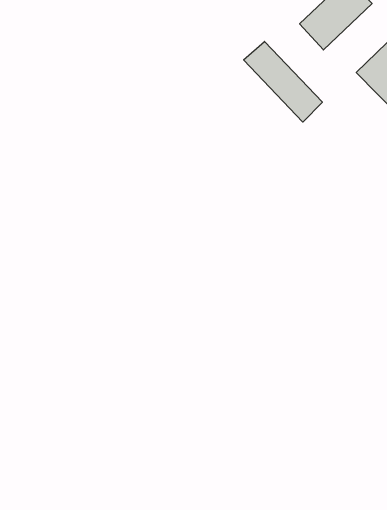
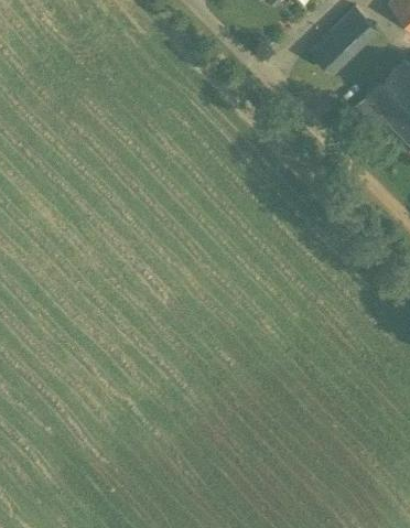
building: [244,41,322,122] -> none

